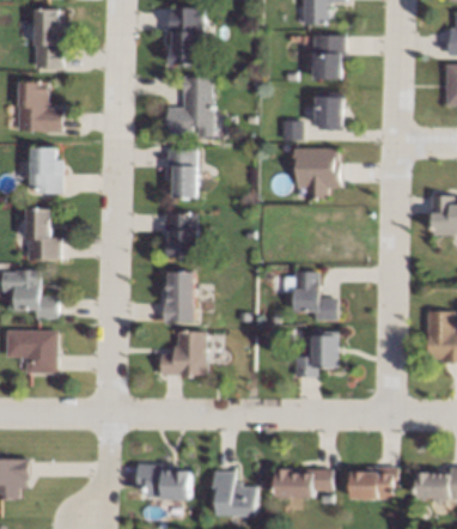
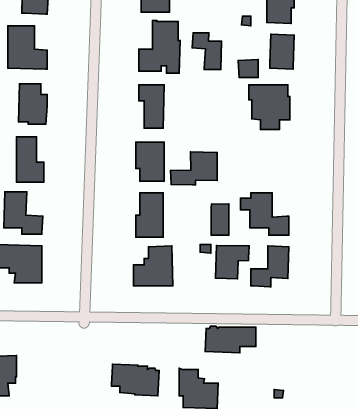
building: none -> [192,33,222,70]
building: none -> [171,152,217,185]
building: none -> [211,204,229,235]
building: none -> [216,246,249,279]
building: [274,467,331,497] -> [205,326,256,353]
building: [351,467,397,499] -> none

